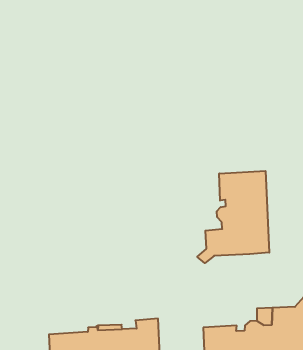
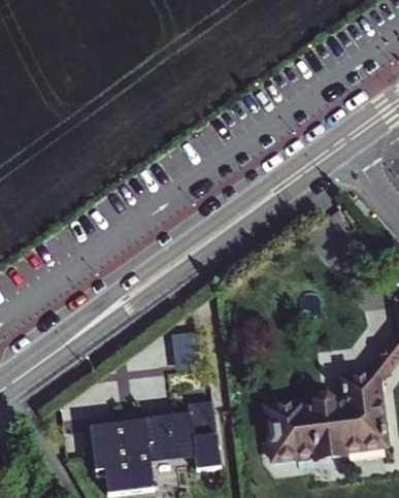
building: [197,171,269,263] -> none

